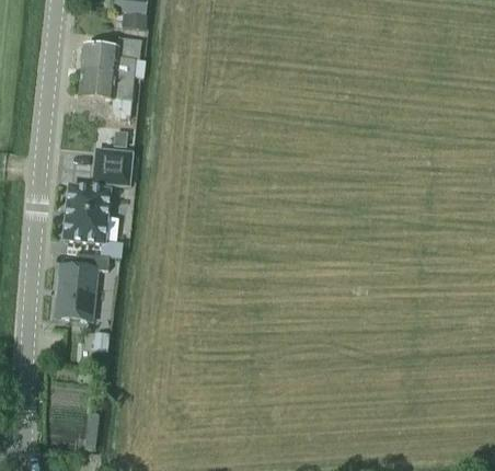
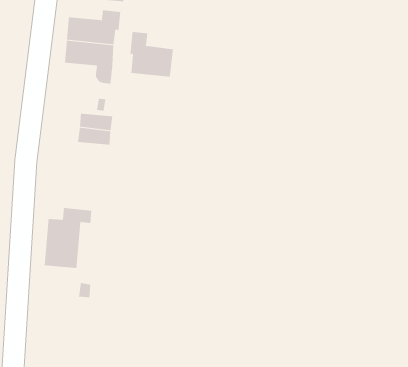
building: none -> [130,31,173,78]
building: [65,185,110,242] -> none

